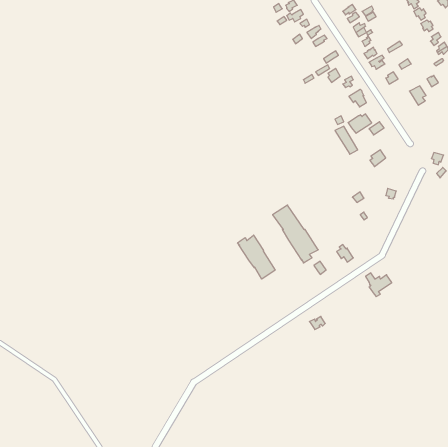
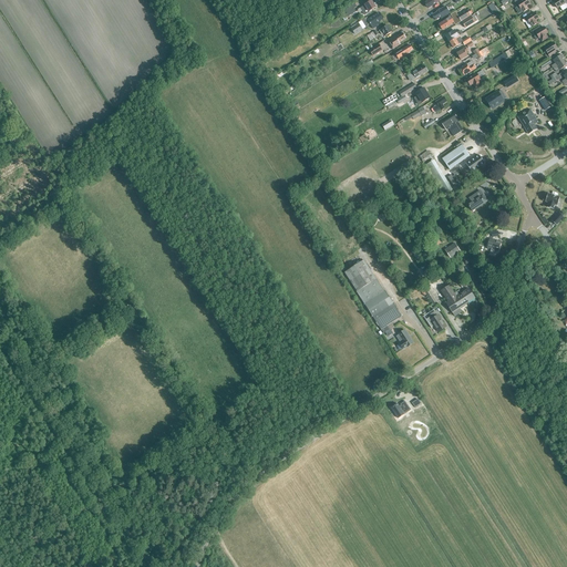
building: [238,235,275,279] -> none
building: [366,273,392,297] -> [442,285,475,315]

